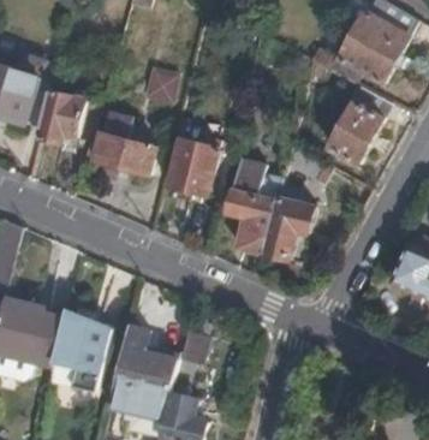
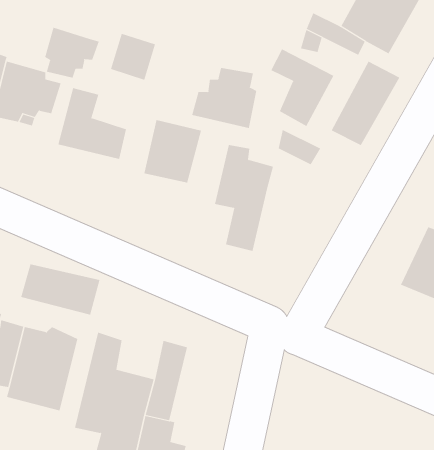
building: none -> [44,27,100,79]
building: none -> [271,49,334,127]
building: none -> [192,67,257,129]
building: [263,197,312,258] -> none
building: none -> [21,264,100,315]

